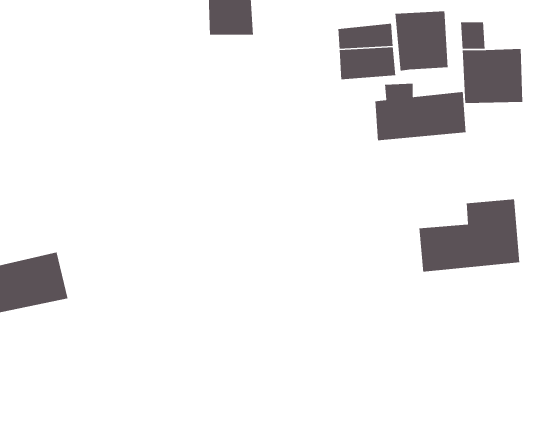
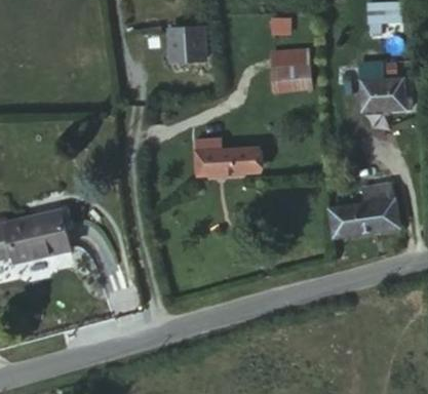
building: [395,10,449,71] -> none
building: [374,83,466,141] -> [194,137,262,181]

